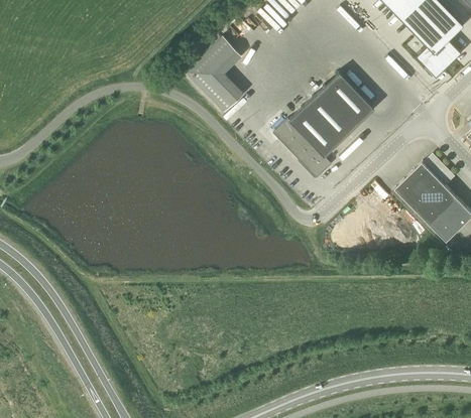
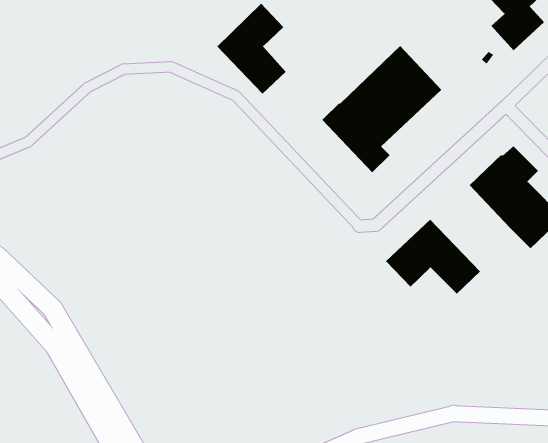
building: none -> [385,219,481,294]

